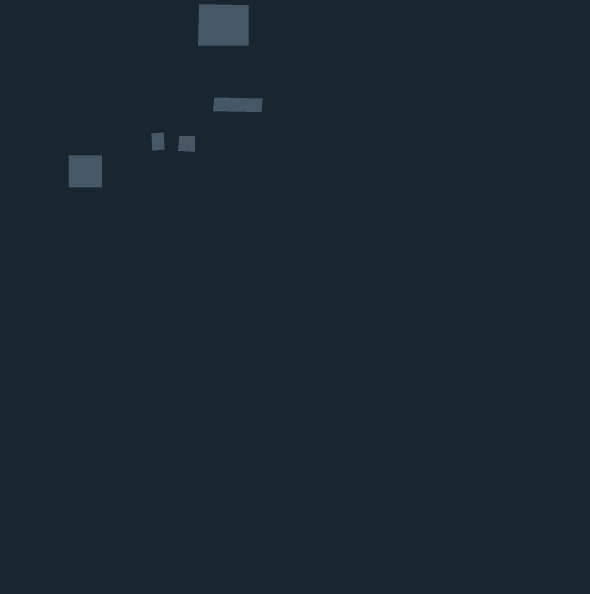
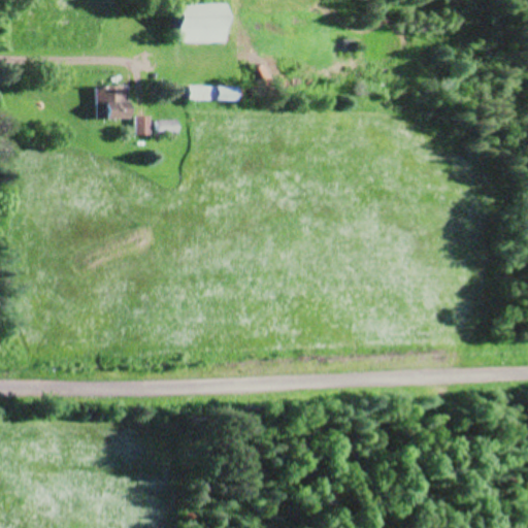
building: [68,154,103,188] -> [100,88,131,118]

